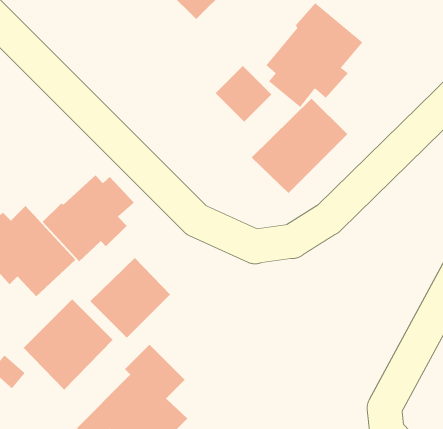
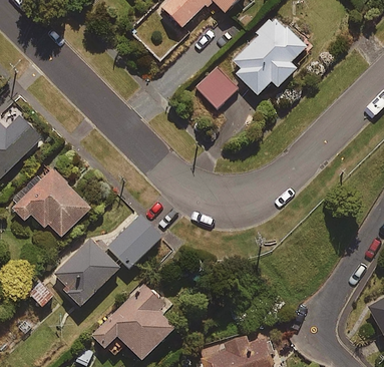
building: [251,98,348,194] -> none
building: [42,175,135,262] -> none

